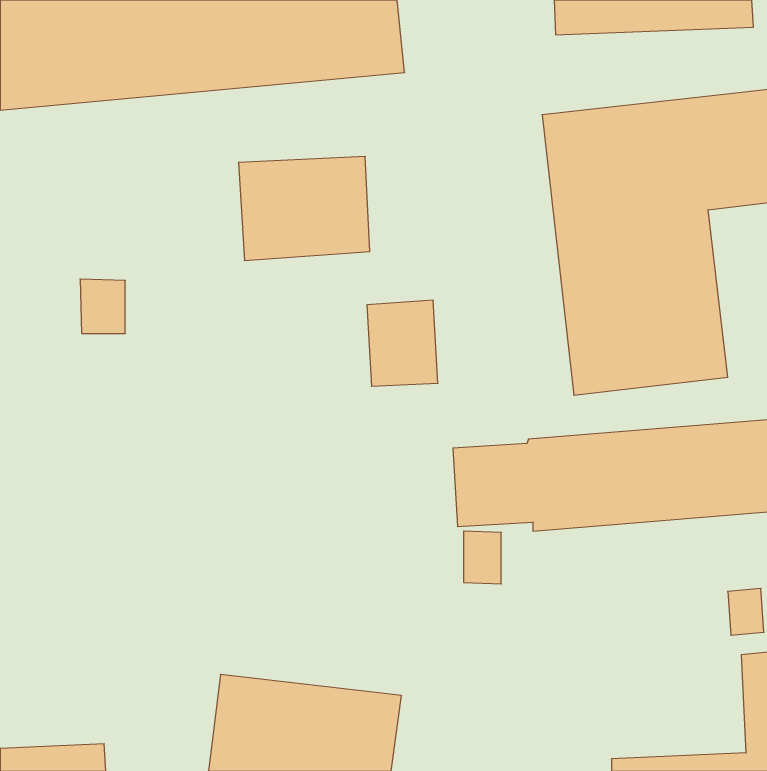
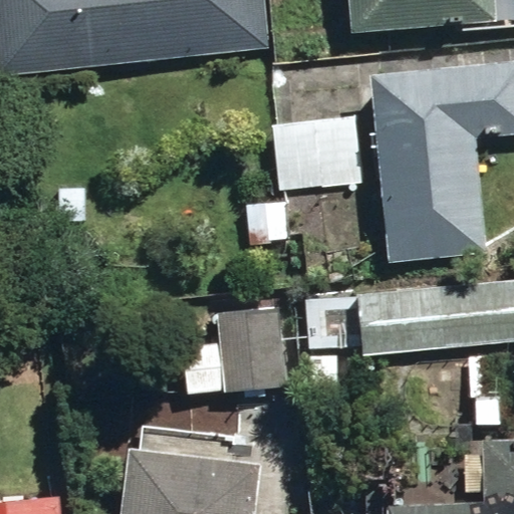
building: [238,156,370,261] -> [273,118,360,188]
building: none -> [183,305,283,394]

